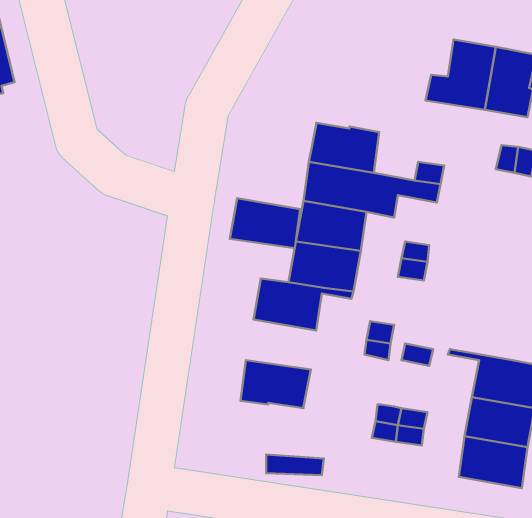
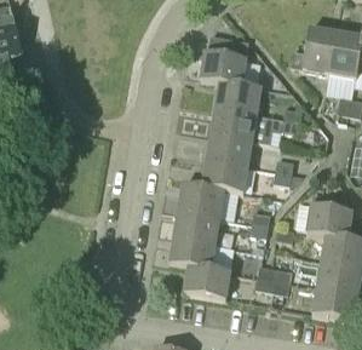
building: none -> [200,44,248,85]
building: [230,198,300,248] -> [173,210,219,242]
building: none -> [306,193,352,236]
building: none -> [184,264,230,298]

